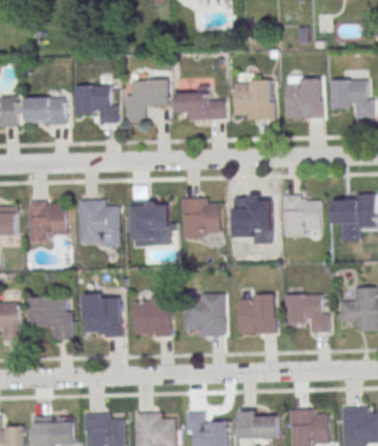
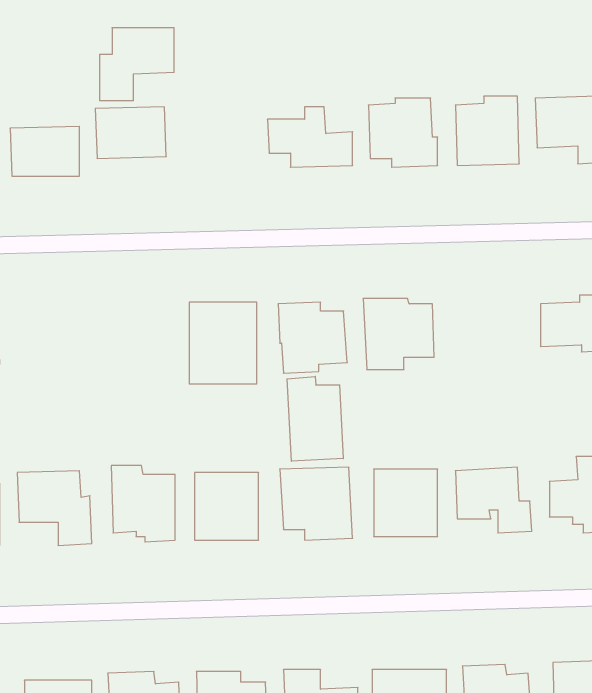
building: [125,81,168,123] -> [100,28,174,101]
building: [283,195,320,236] -> none
building: [78,200,120,248] -> none
building: [29,201,67,242] -> none
building: none -> [287,376,343,461]

